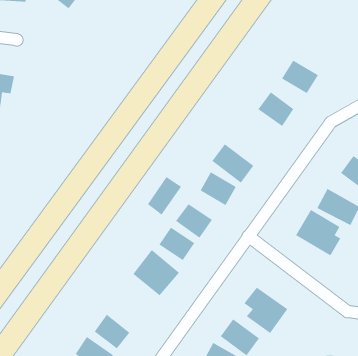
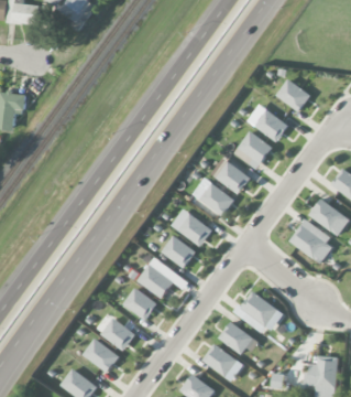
building: none -> [234,131,273,164]
building: [147,176,182,216] -> none
building: none -> [123,288,157,321]

